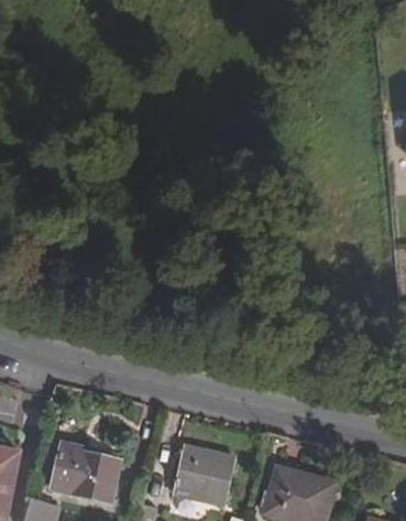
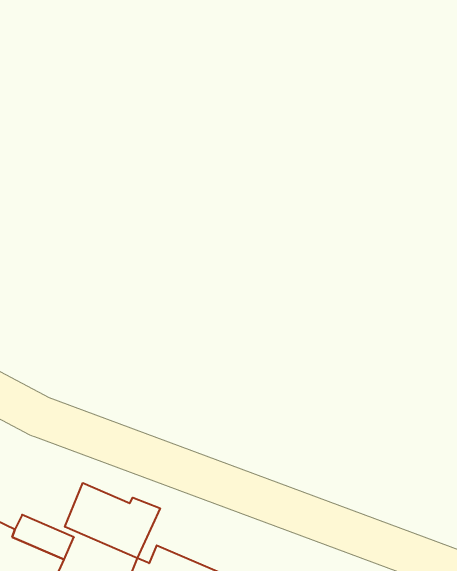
building: none -> [65,483,160,558]

